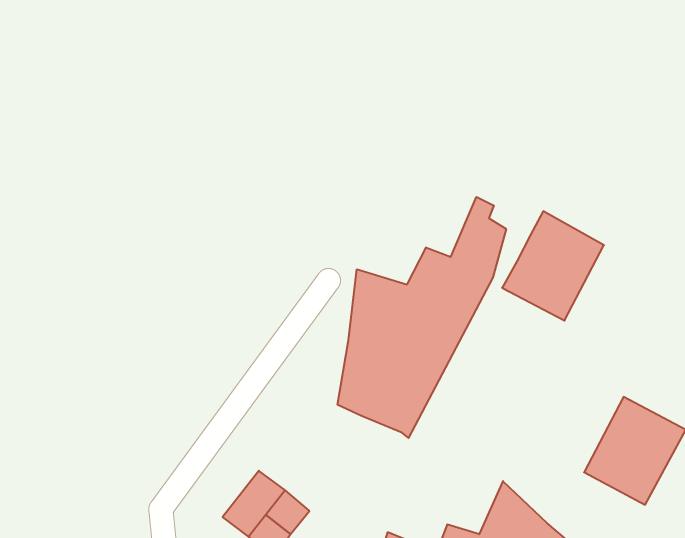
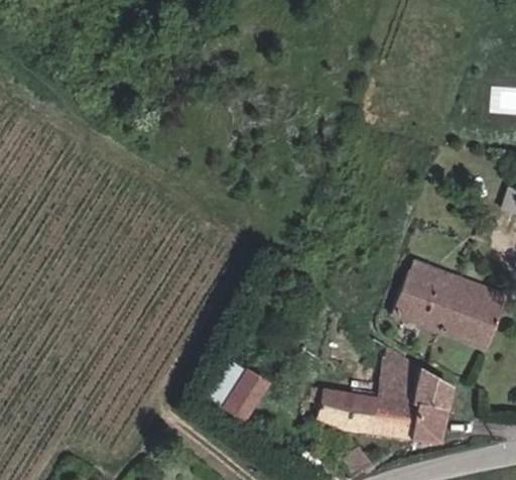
building: [338,197,506,438] -> none
building: [502,211,604,321] -> [397,262,460,332]

